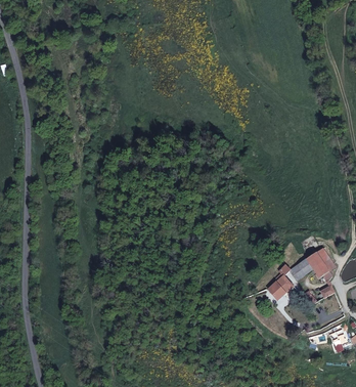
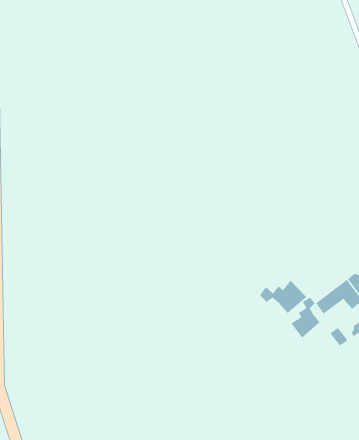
building: none -> [260,280,307,314]

